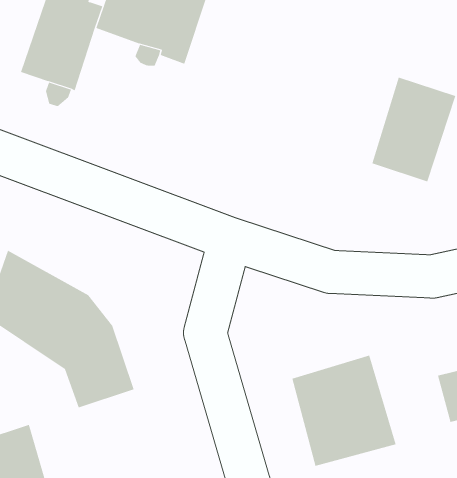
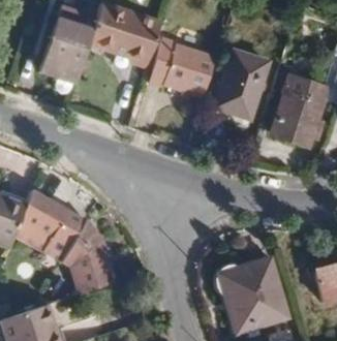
building: none -> [151,39,217,98]
building: none -> [214,50,269,119]

